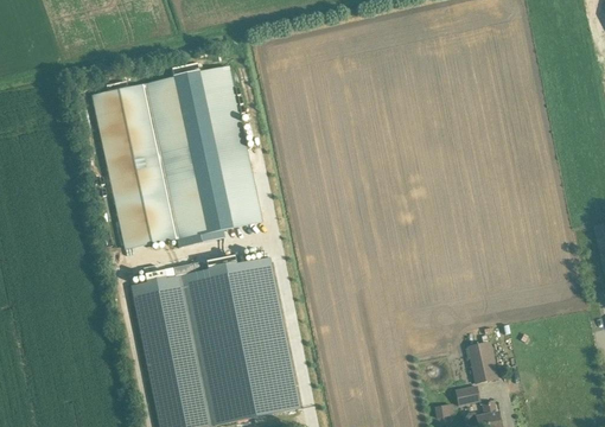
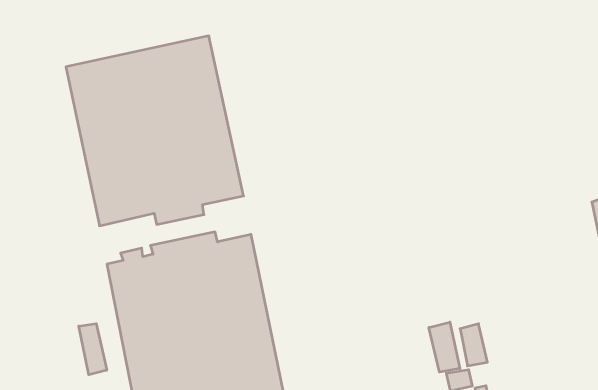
building: none -> [429,322,460,372]
building: none -> [79,324,107,375]

